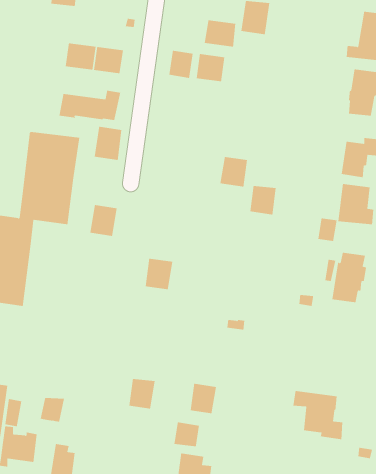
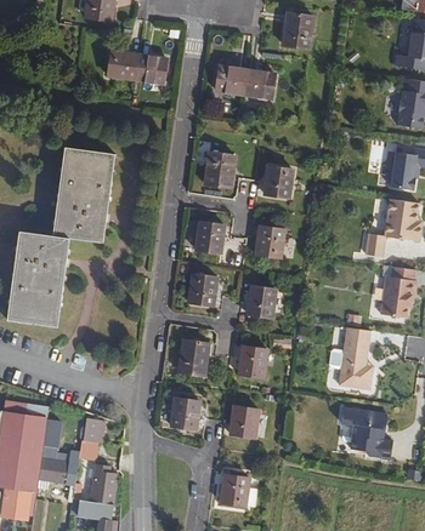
building: [204,19,236,48] -> none
building: [59,90,121,121] -> none
building: [94,126,122,161] -> [203,156,232,192]
building: [249,186,277,215] -> [254,229,282,259]
building: [89,205,118,237] -> [193,222,222,255]
building: none -> [245,286,273,318]
building: none -> [339,326,373,388]
building: none -> [177,338,206,373]
building: none -> [237,346,265,377]
building: [174,421,199,447] -> none

